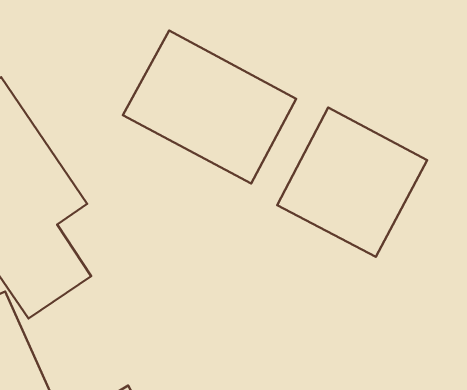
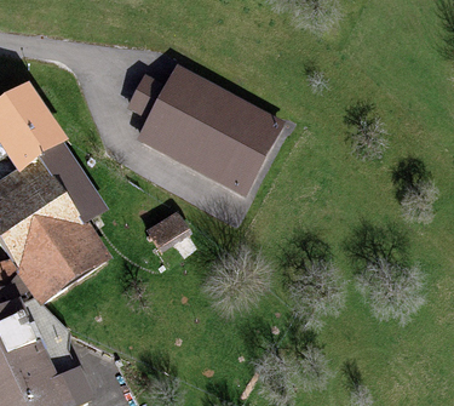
building: [277,107,427,257] -> none

